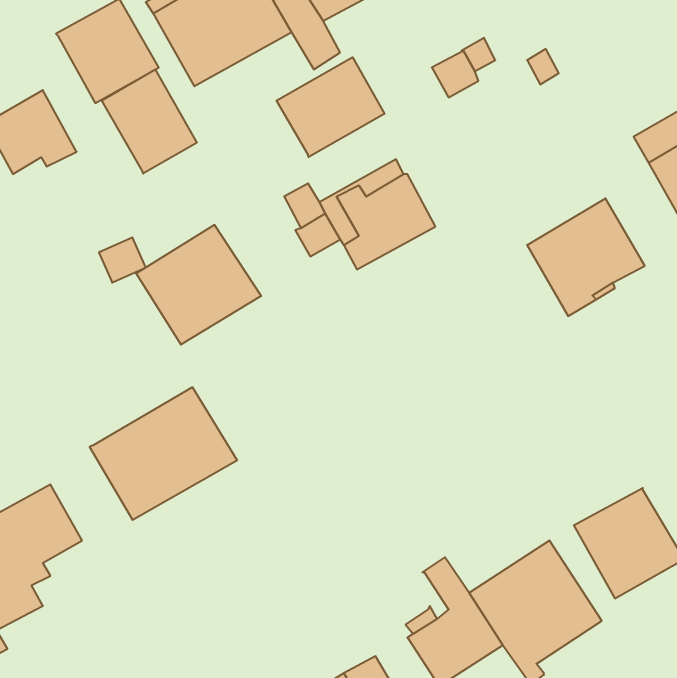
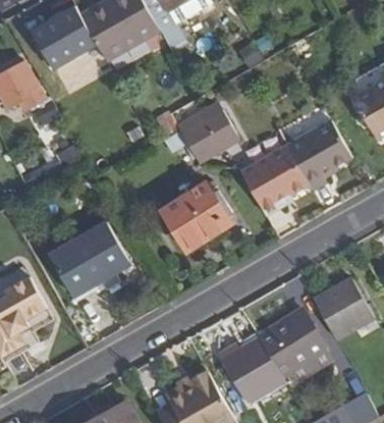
building: [277,57,384,157] -> none
building: [102,70,197,174] -> none
building: [136,225,261,345] -> [162,183,230,249]
building: none -> [240,144,310,214]

